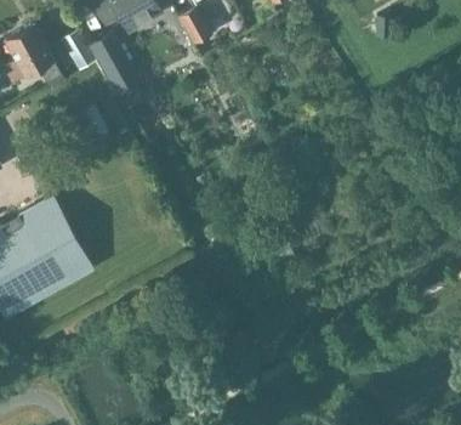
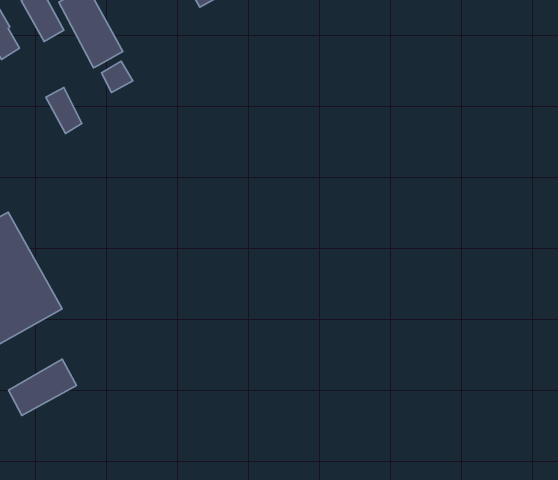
building: none -> [9,359,77,416]

